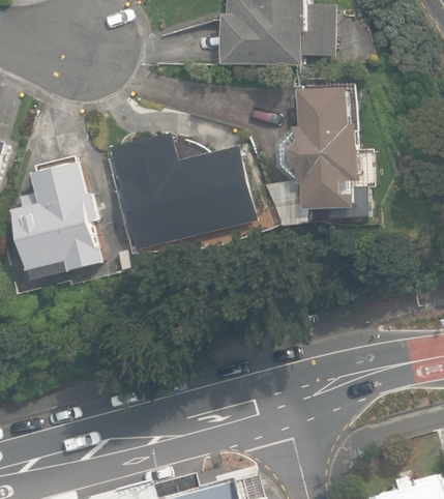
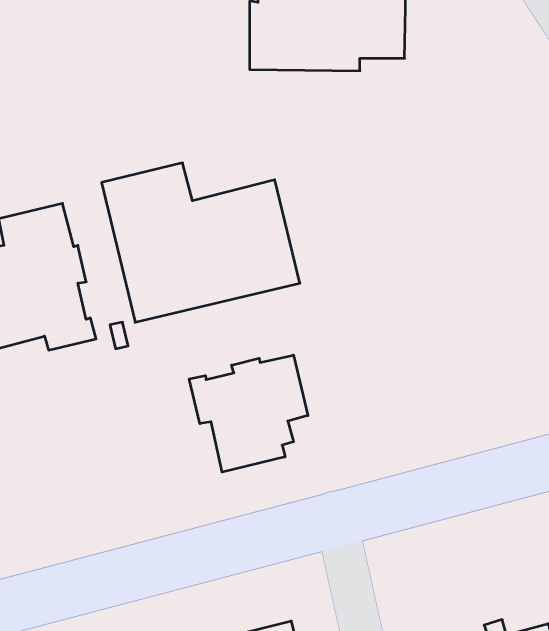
building: [261,84,369,227] -> none
building: none -> [189,355,308,472]

